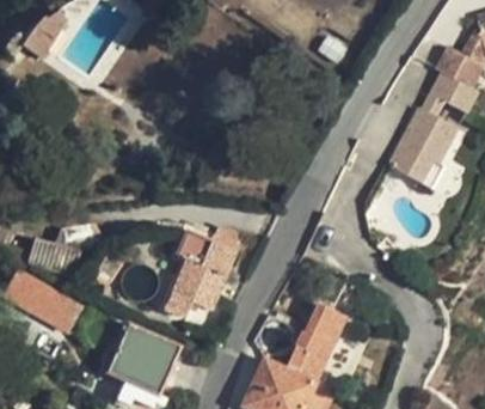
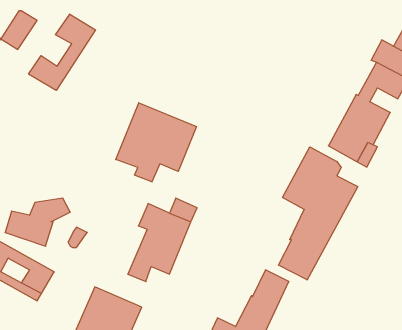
building: none -> [29,14,96,90]
building: none -> [116,103,196,182]
building: none -> [278,147,358,280]

